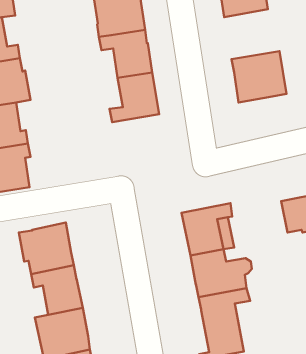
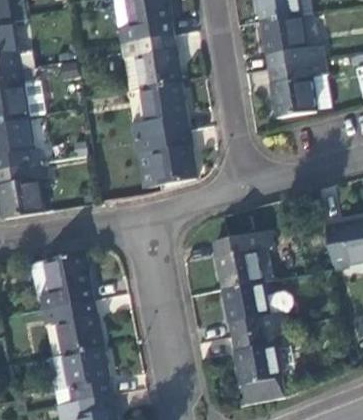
building: none -> [260,12,322,68]
building: none -> [134,130,195,188]

